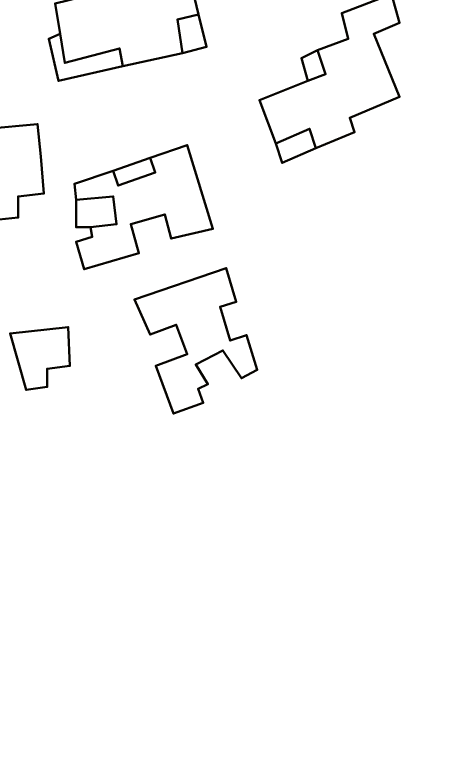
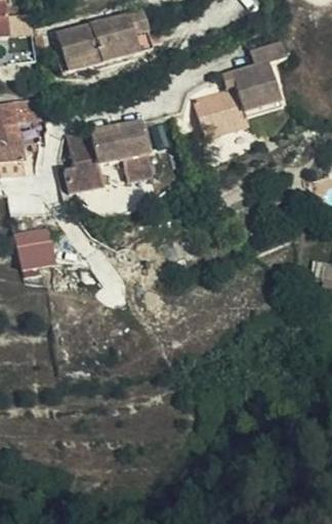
building: [134,268,257,413] -> none

